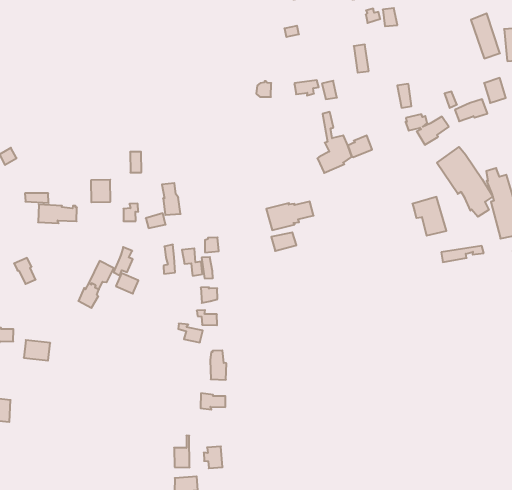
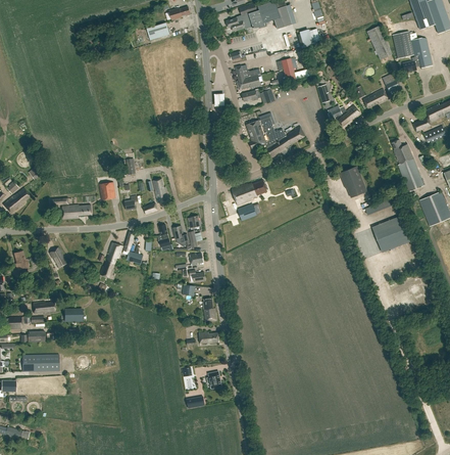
building: none -> [236,65,261,90]
building: none -> [246,115,273,149]
building: [437,147,493,217] -> none
building: none -> [371,216,411,253]

